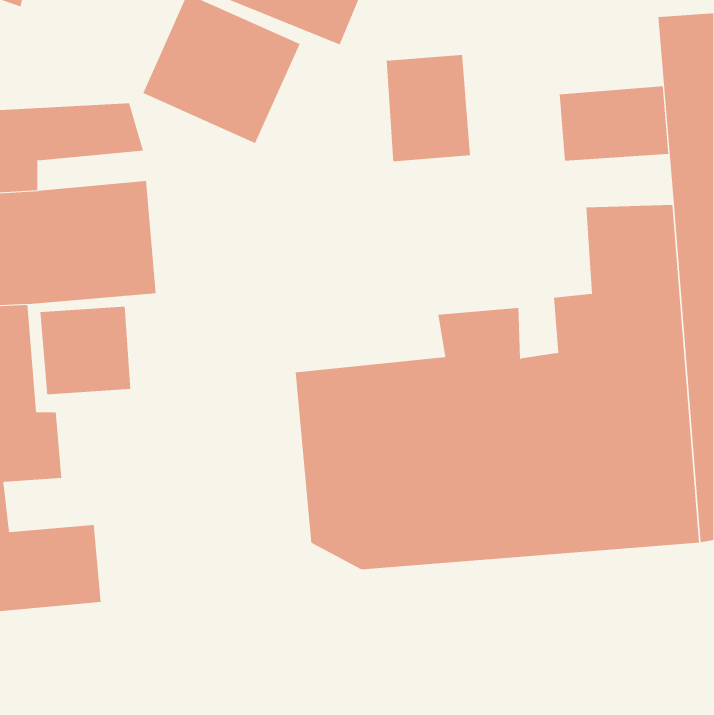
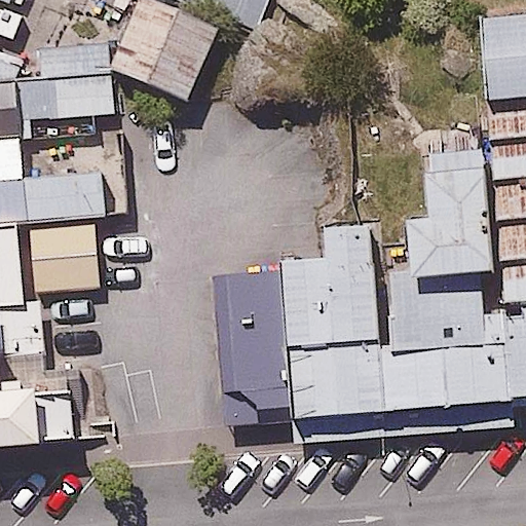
building: [386,54,470,162] -> none
building: [559,86,669,161] -> none

